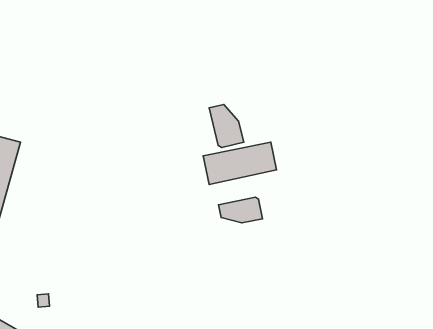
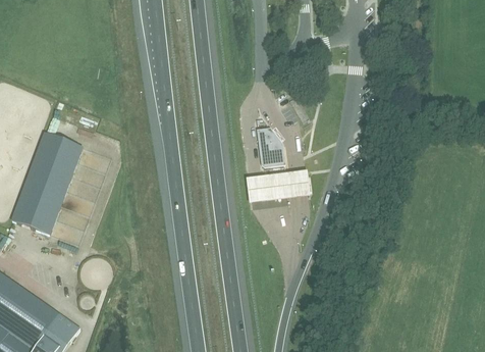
building: [219,197,263,223] -> none

